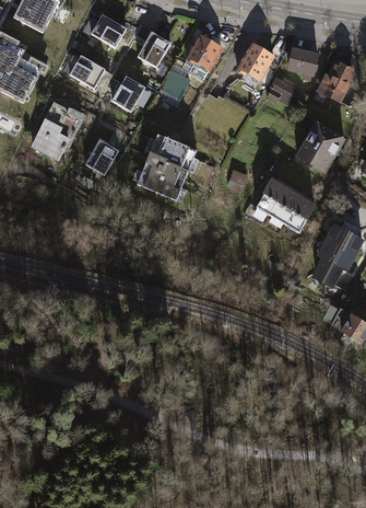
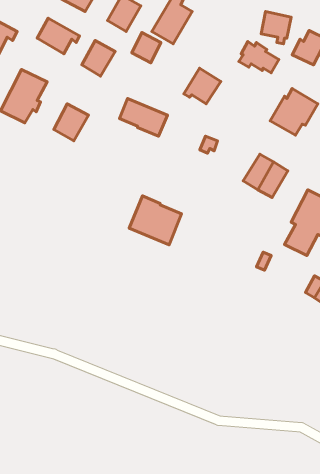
building: [238,44,274,79] -> [184,68,221,104]
building: [137,152,188,200] -> [129,196,181,245]
building: [257,178,287,213] -> none

